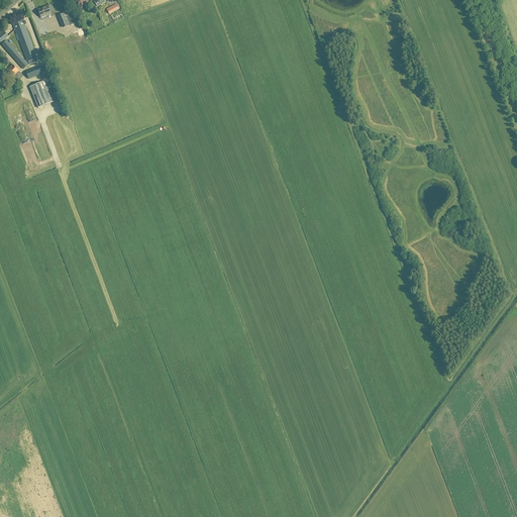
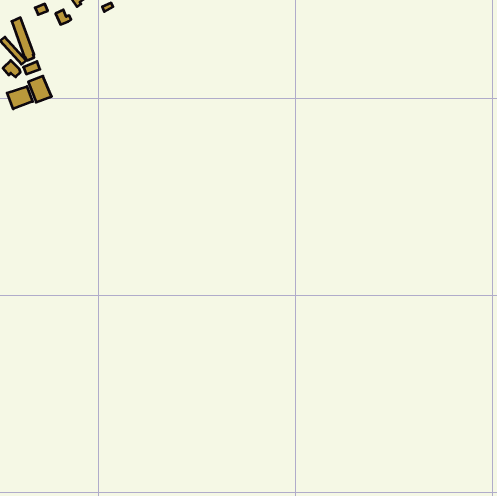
building: none -> [7,86,33,109]

